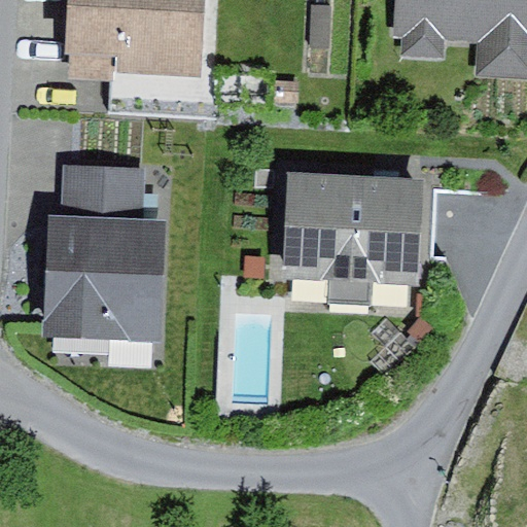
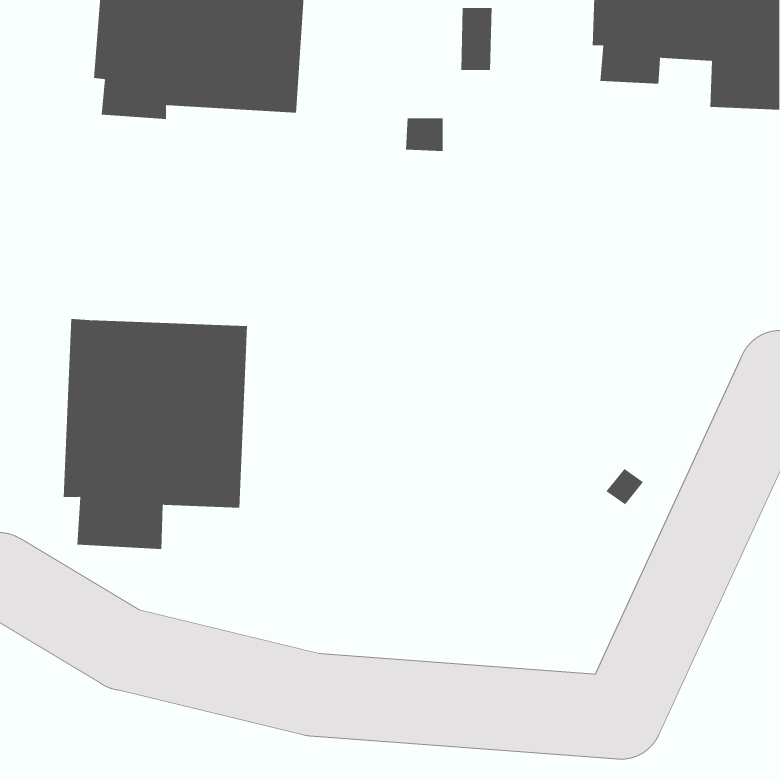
building: [61,164,145,218] -> none
building: [284,173,424,305] -> none

